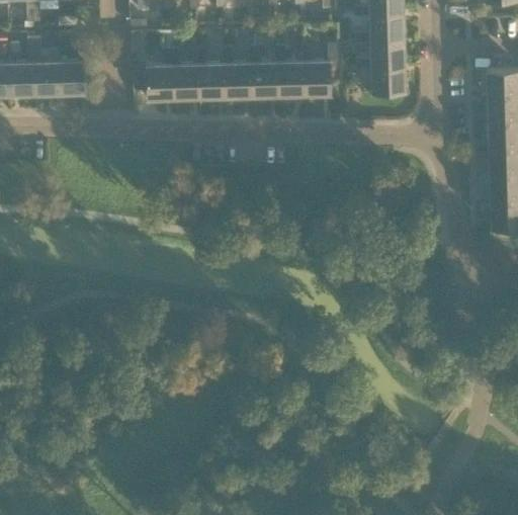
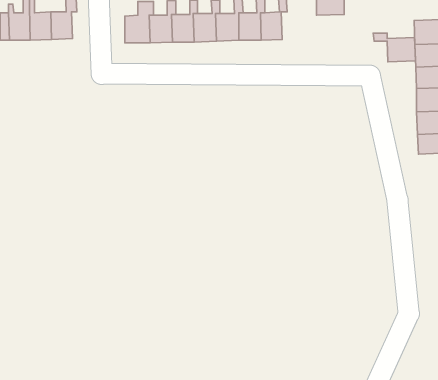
building: [357,60,407,93] -> [373,33,415,62]

